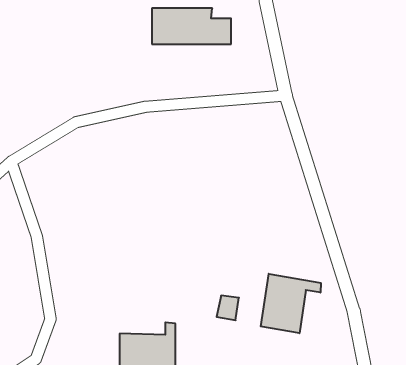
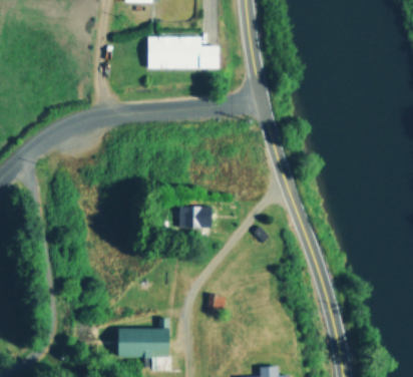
building: none -> [178,206,212,228]
building: [261,274,321,333] -> none

